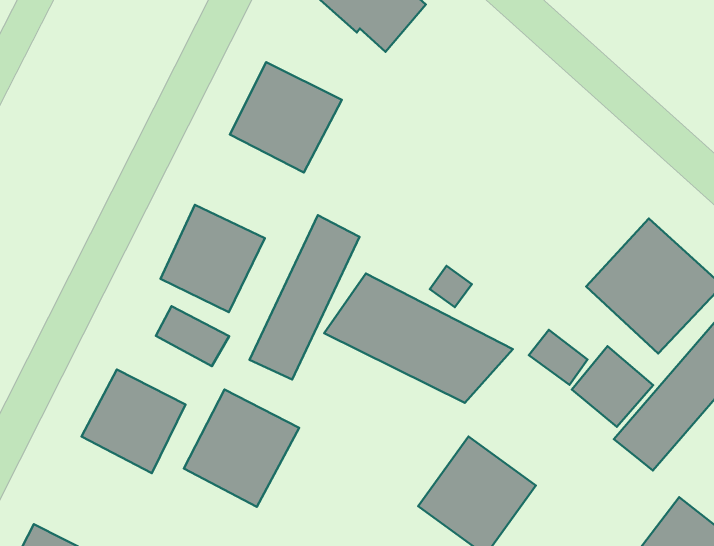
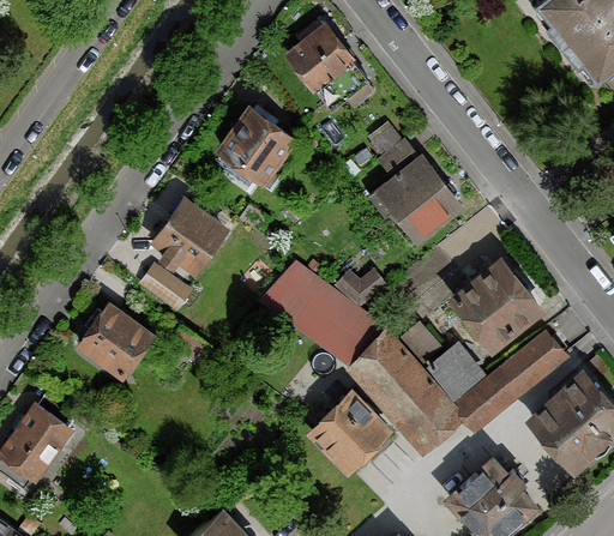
building: none -> [368,124,462,245]
building: [249,215,360,380] -> none
building: none -> [345,333,464,458]
building: [184,390,299,507] -> none

